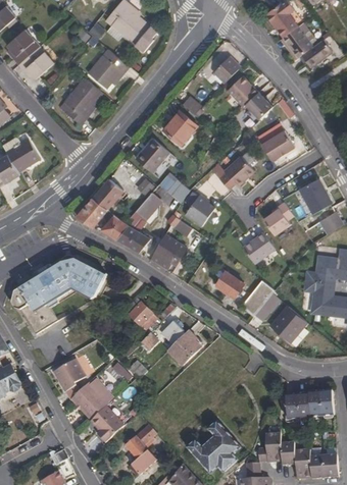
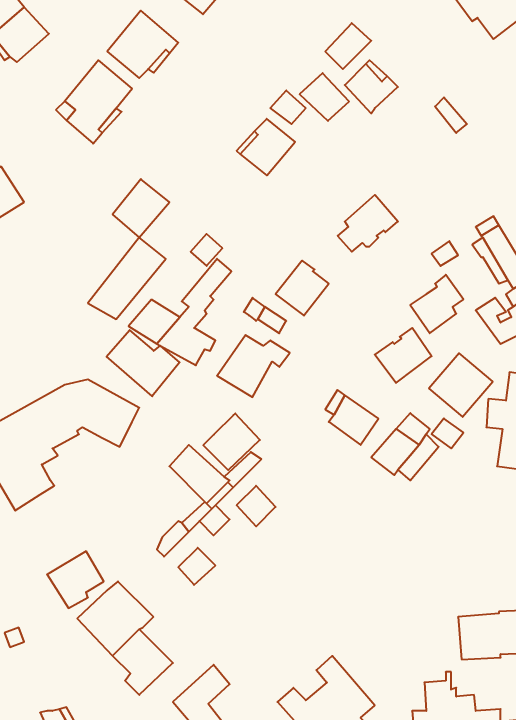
building: [242,93,270,120] -> [300,73,349,121]
building: [264,128,297,159] -> none
building: [136,140,168,173] -> [113,179,169,238]
building: [158,172,189,202] -> none
building: none -> [107,330,180,396]
building: [269,306,306,342] -> [429,353,493,417]
building: [167,333,200,366] -> [203,413,260,470]

